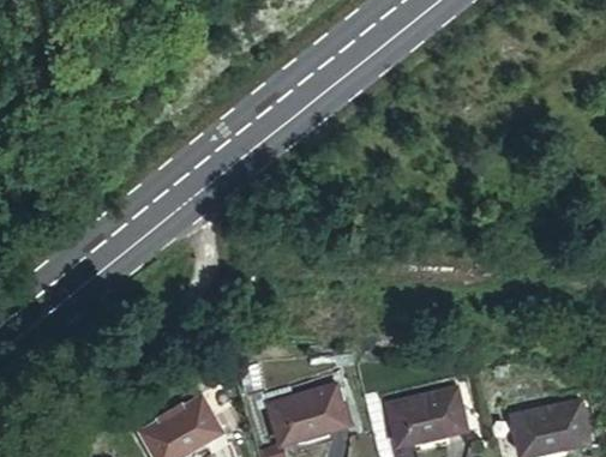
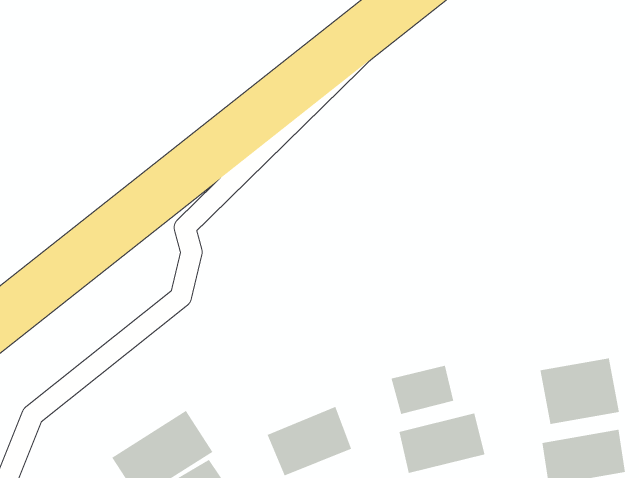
building: none -> [540,358,620,425]
building: none -> [391,365,454,415]

